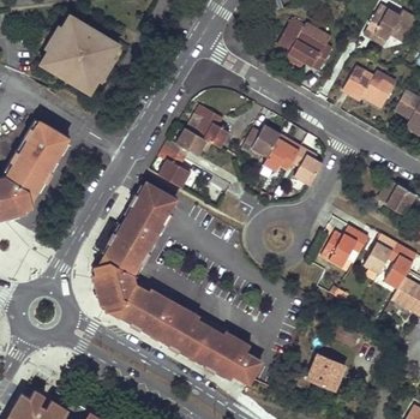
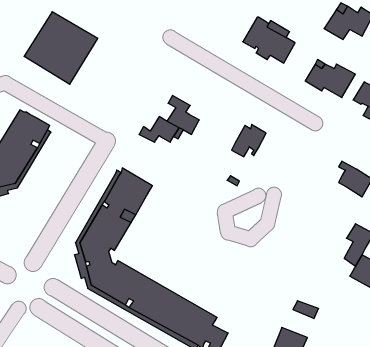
building: [240,125,280,157] -> none
building: [292,145,322,185] -> none
building: [157,146,190,187] -> none
building: [323,225,368,267] -> none
building: [362,233,396,273] -> none

